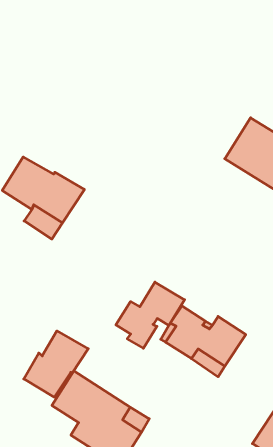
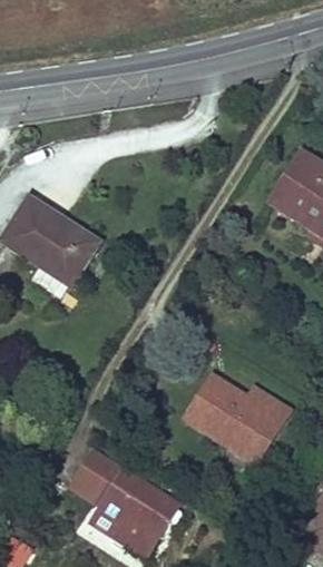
building: [116,282,185,348] -> none
building: [24,331,88,397] -> none

